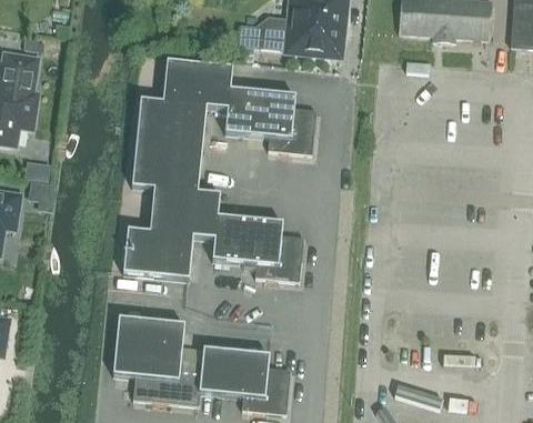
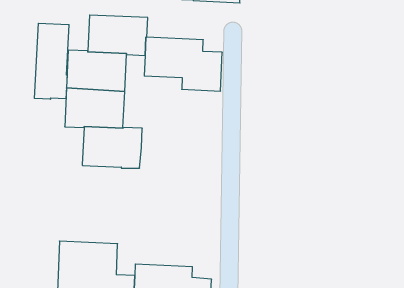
building: none -> [34,23,69,99]
building: [212,214,303,281] -> none
building: [122,228,193,279] -> none

